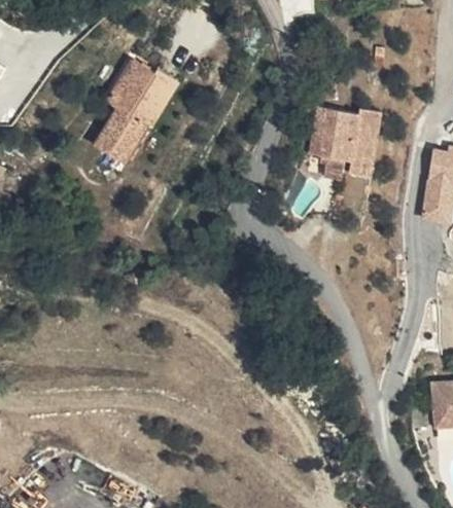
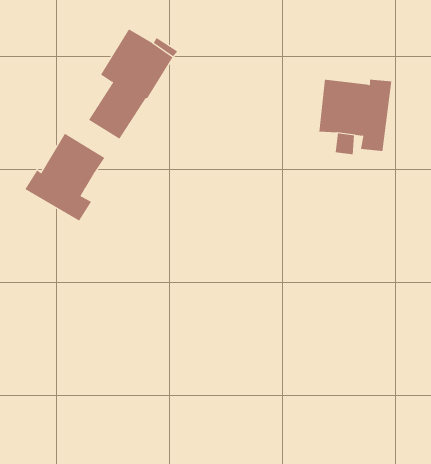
building: none -> [25,133,105,222]

